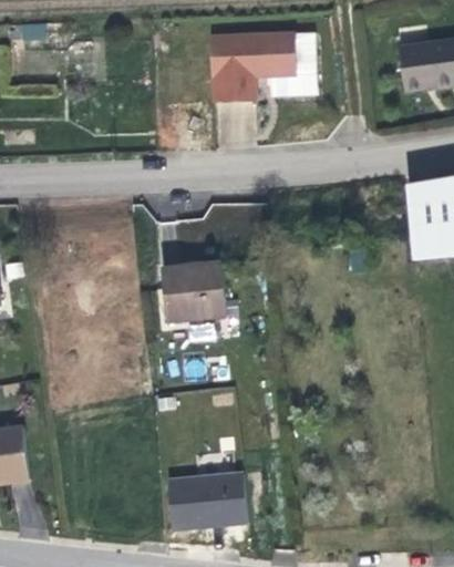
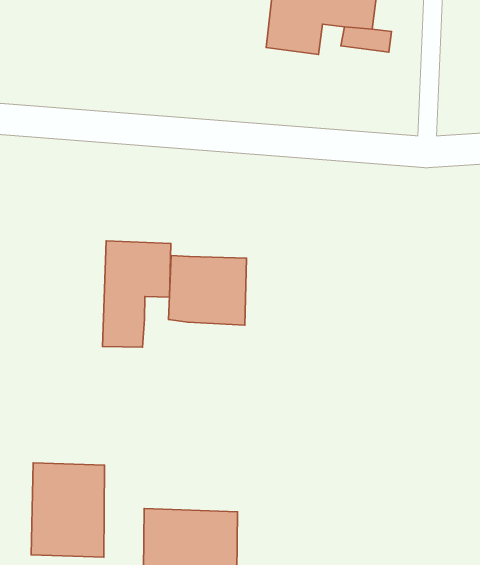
building: none -> [103,241,171,347]
building: none -> [31,463,105,557]

